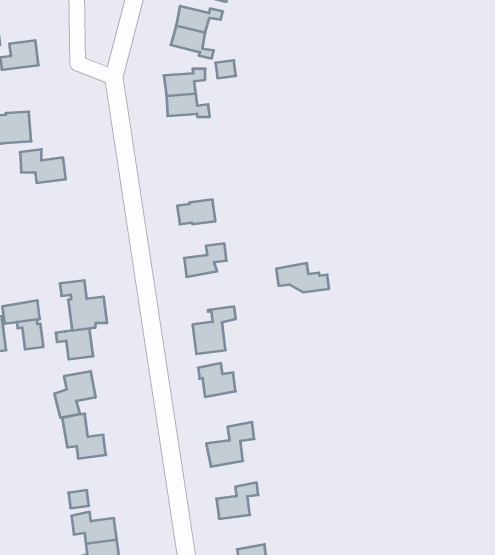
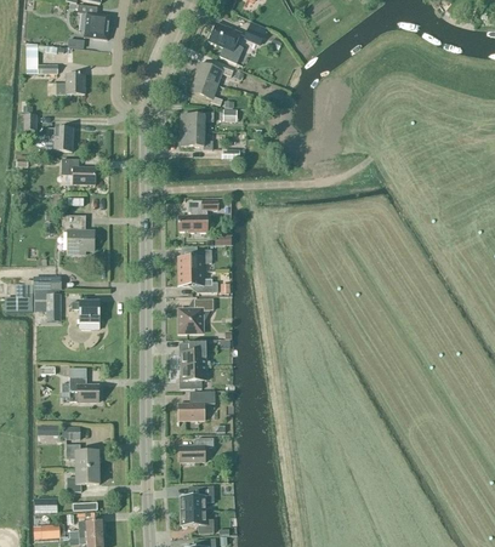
building: [276,263,329,292] -> [178,269,217,291]
building: [60,280,107,331] -> [61,215,93,252]
building: [55,371,95,418] -> none
building: none -> [178,364,206,388]

